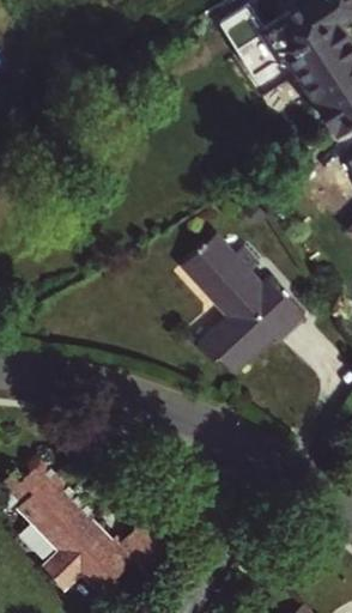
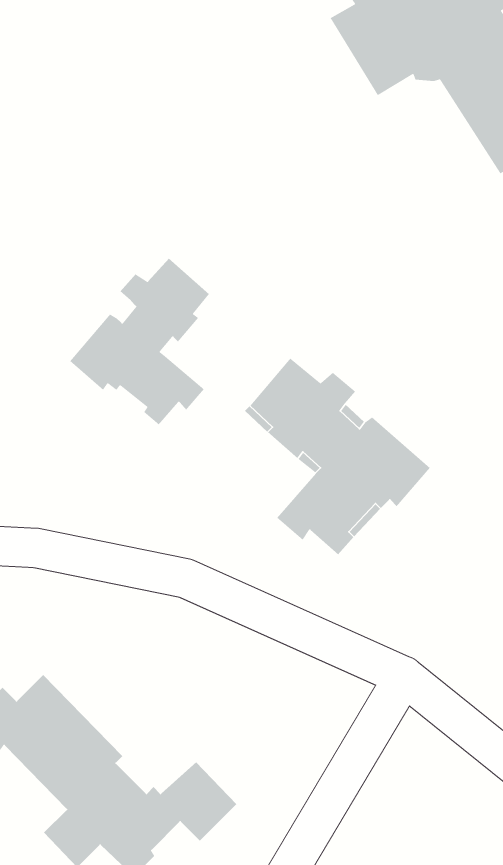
building: none -> [69,258,210,426]

